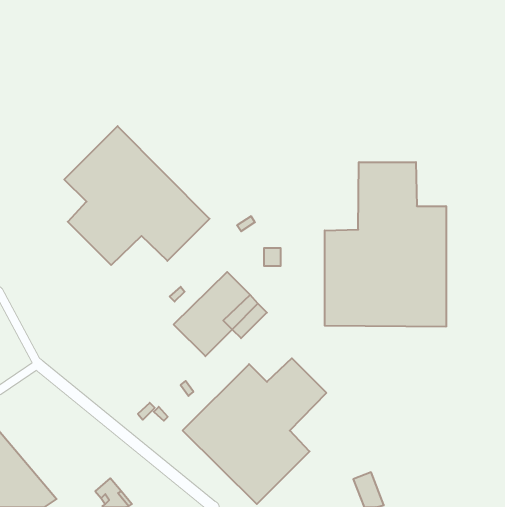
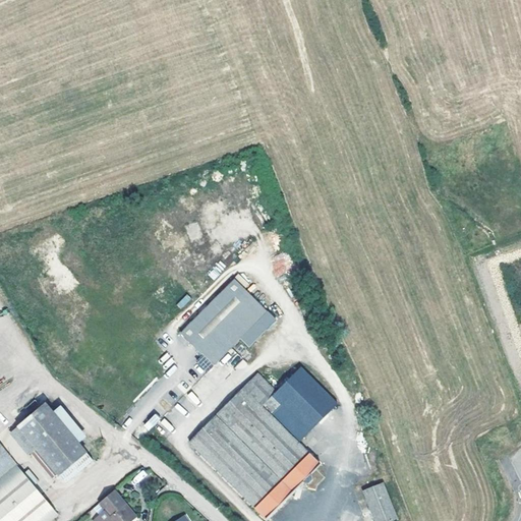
building: [64,126,210,265] -> none
building: [325,162,446,327] -> none
building: none -> [17,403,92,482]

